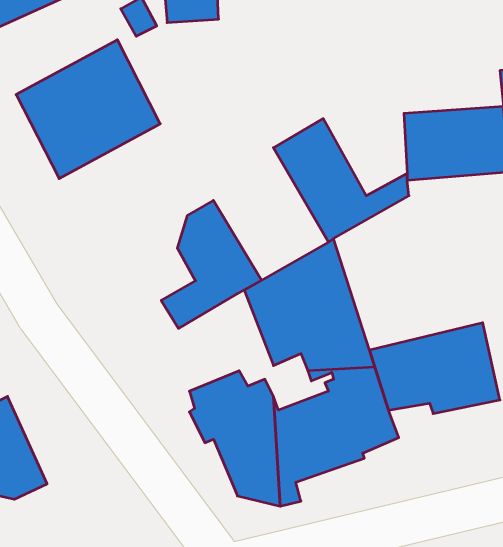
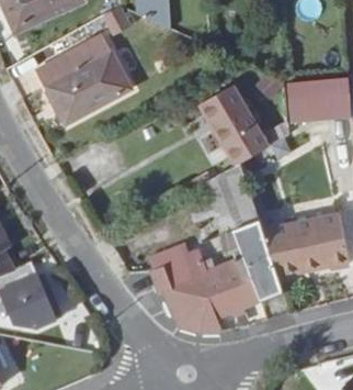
building: [161,200,262,328] -> none

